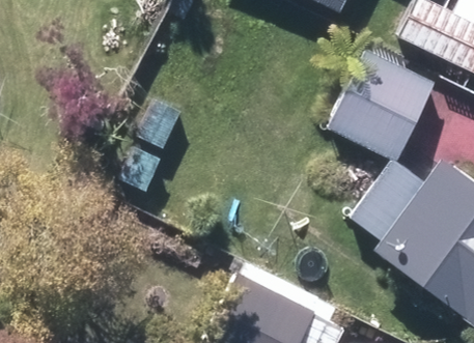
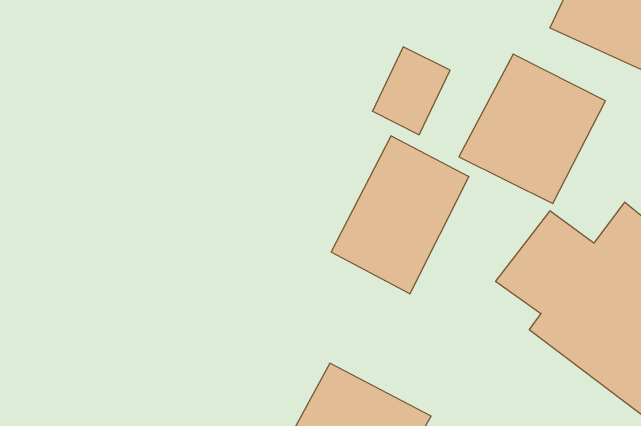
building: none -> [331,136,469,294]

